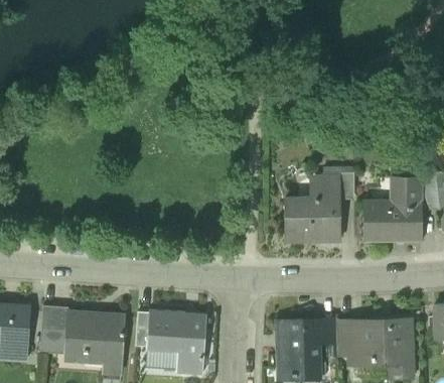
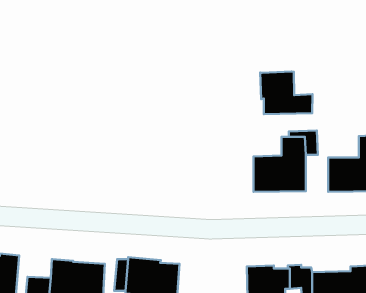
building: none -> [260,72,312,114]
building: [41,305,68,332] -> none

